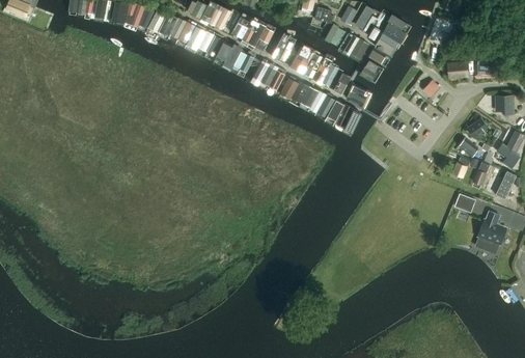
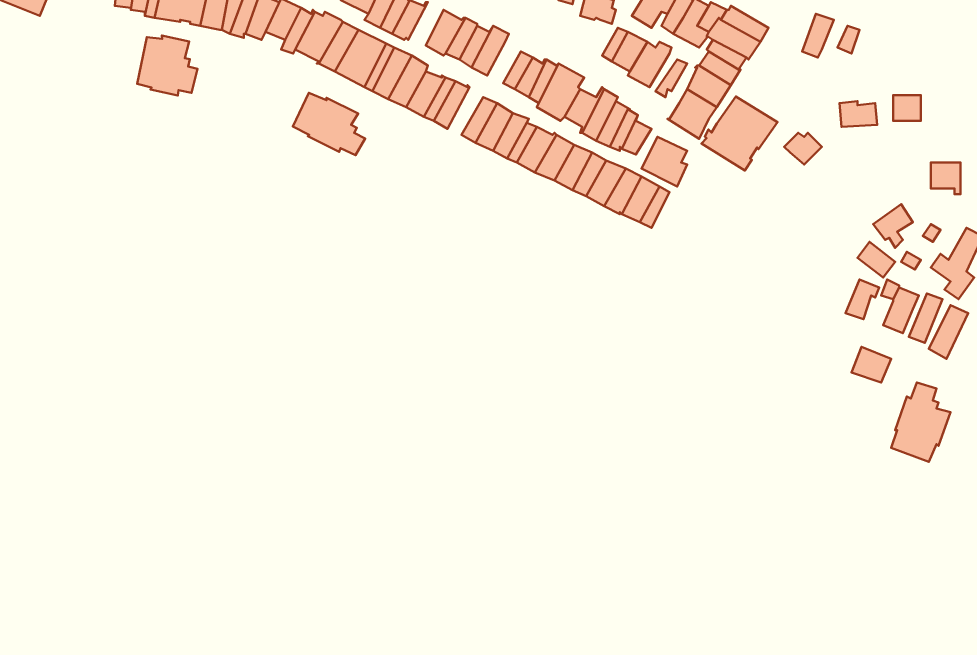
building: none -> [137,36,198,96]
building: none -> [293,93,365,155]
building: none -> [701,97,778,171]

